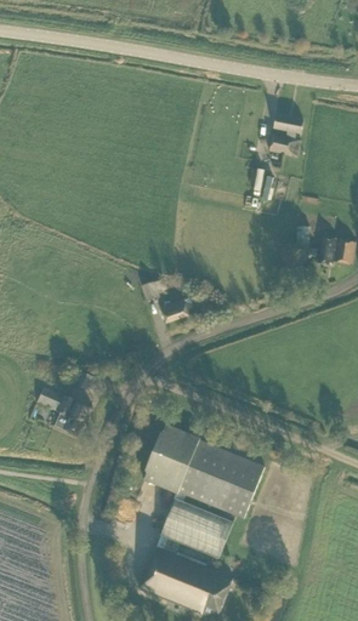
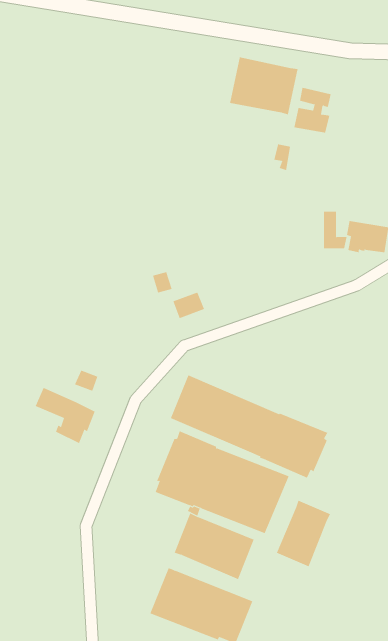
building: none -> [230,57,298,115]
building: none -> [170,374,328,479]
building: none -> [276,500,331,567]

